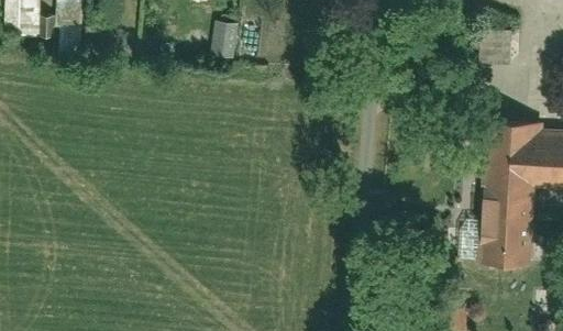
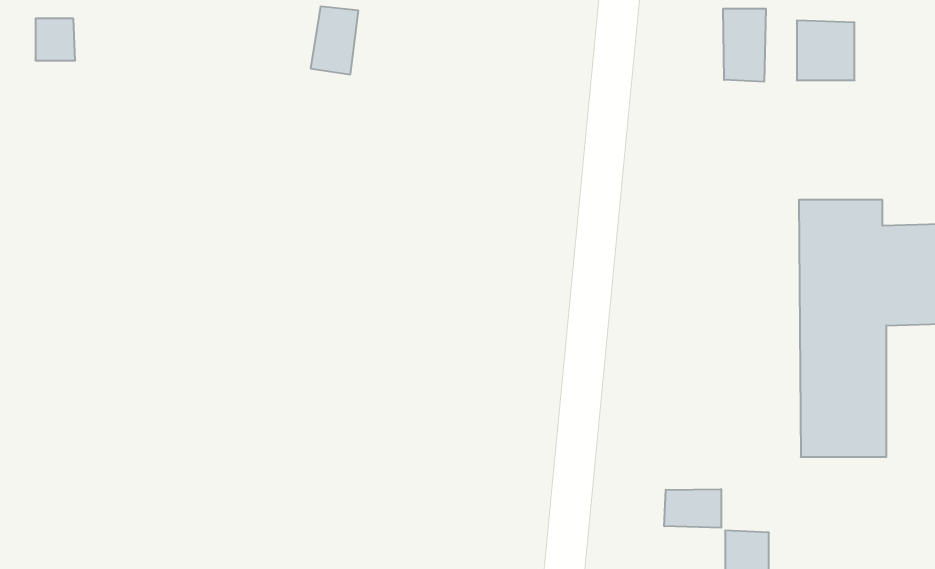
building: none -> [723,9,766,82]
building: none -> [664,489,721,528]

